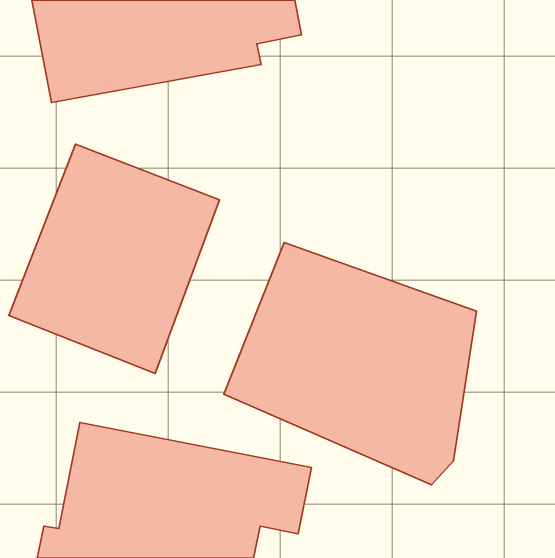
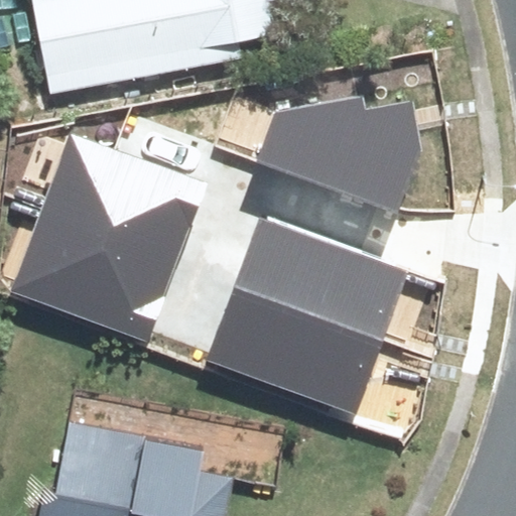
building: none -> [254,96,420,213]

